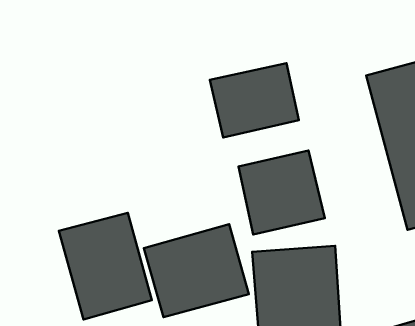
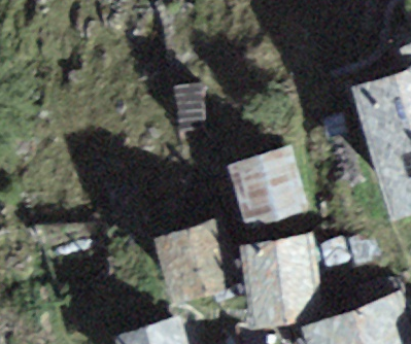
building: [210,63,299,138] -> none
building: [59,213,152,320] -> none

